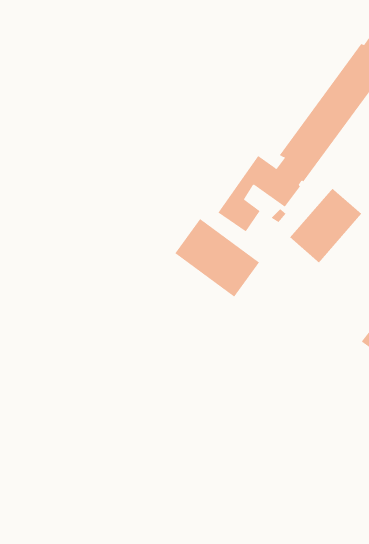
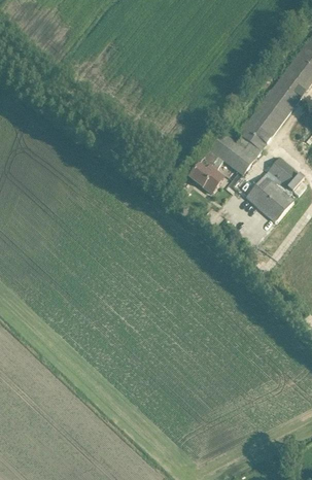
building: [174,218,260,297] -> none

